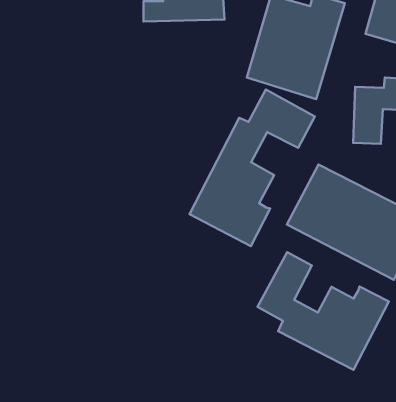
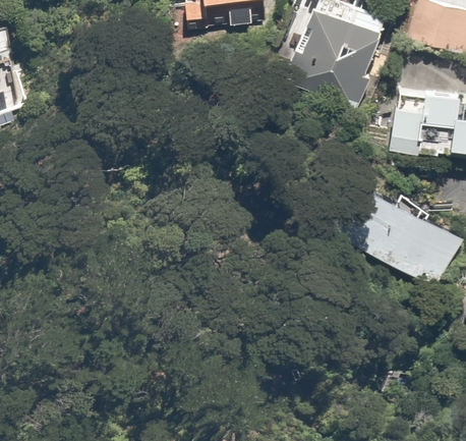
building: [189,89,315,246] -> none
building: [258,252,389,370] -> none

